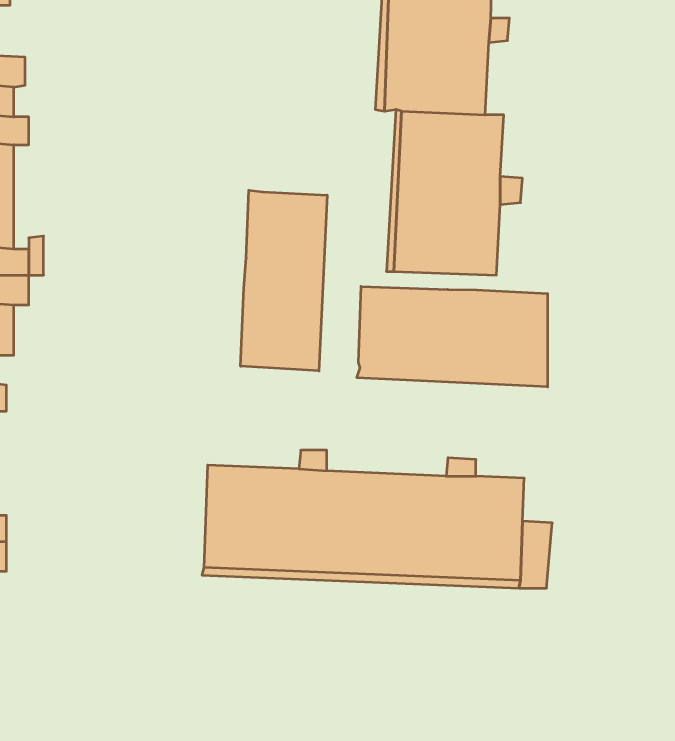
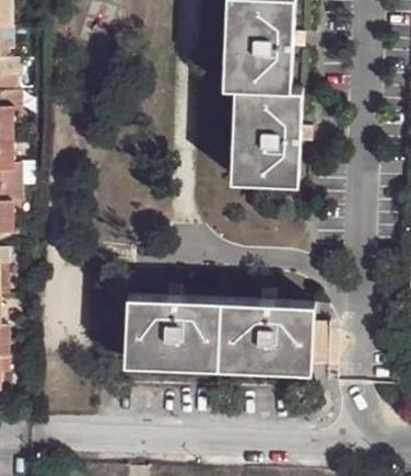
building: [241,190,327,371] -> none
building: [357,286,548,387] -> none

